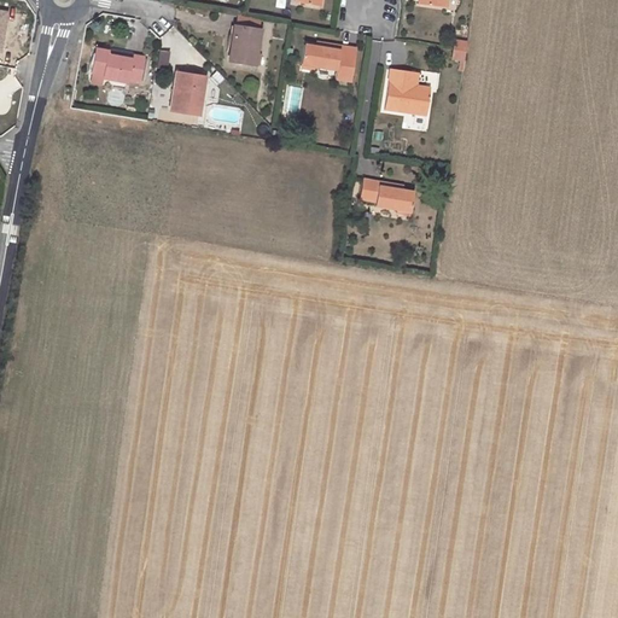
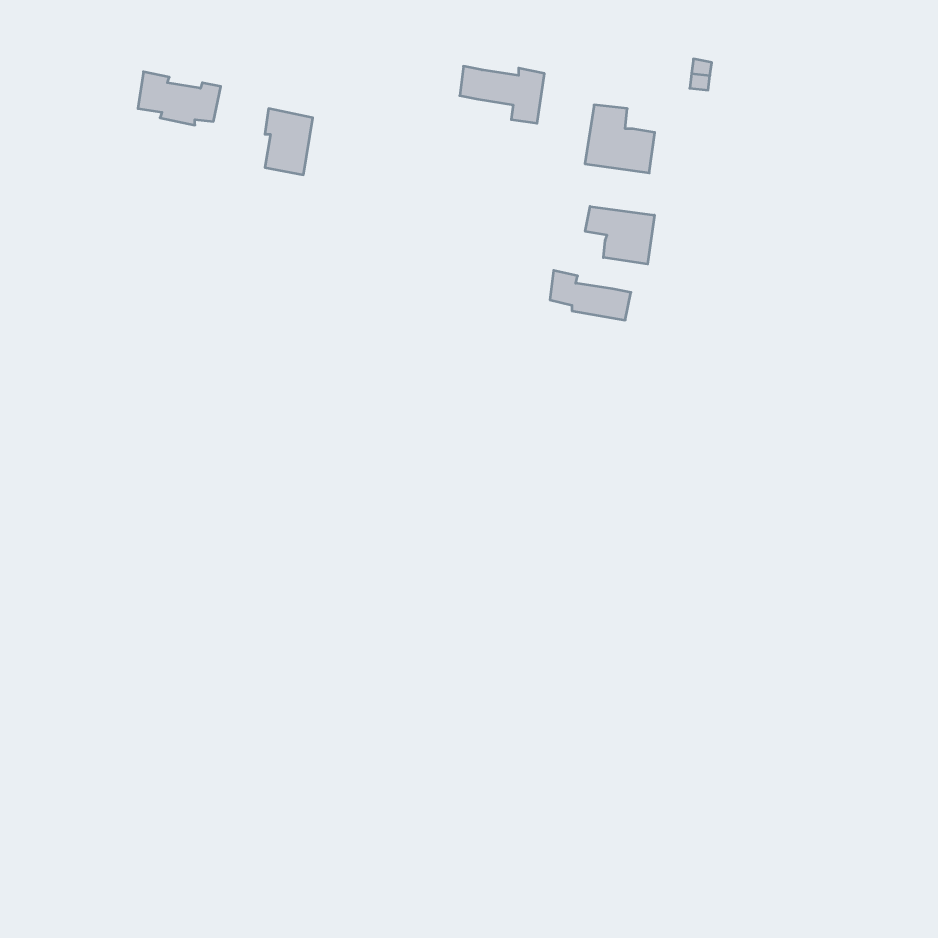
building: [231,25,261,64] -> none
building: none -> [585,206,654,264]

